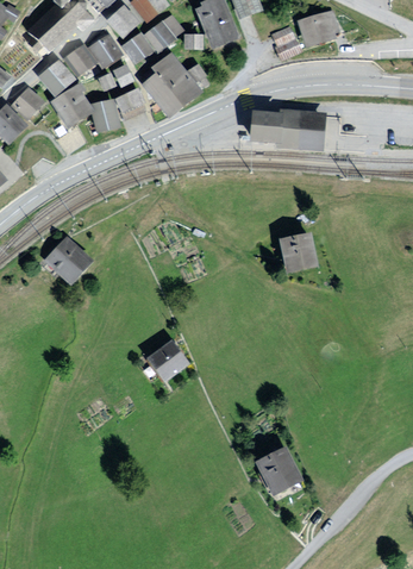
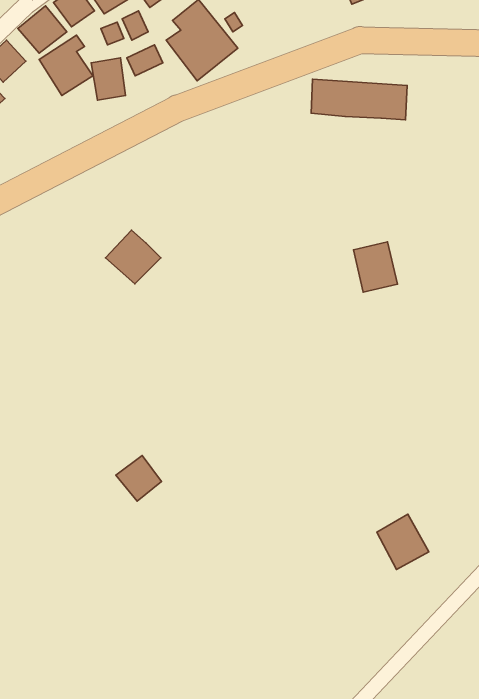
building: [48,240,88,280] -> [106,230,161,284]
building: [152,344,186,377] -> [116,456,162,501]
building: [259,451,298,492] -> [377,514,429,570]

